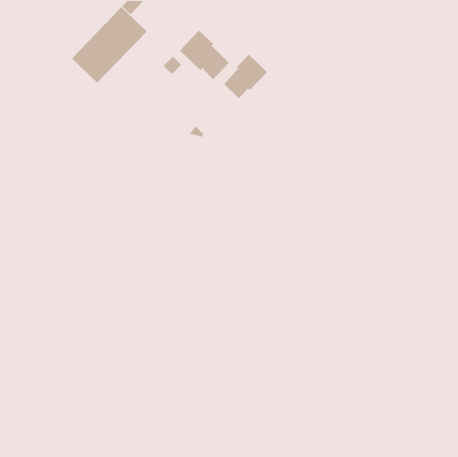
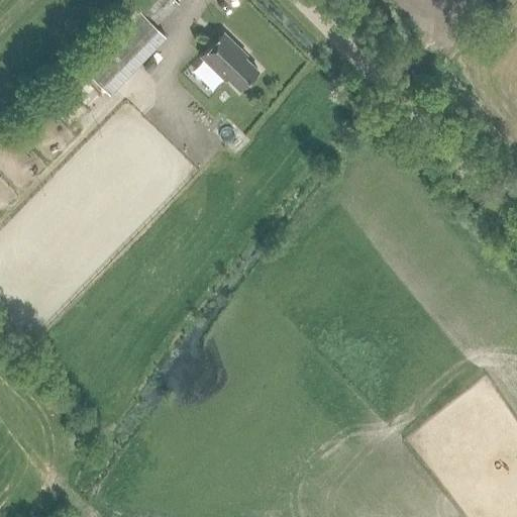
building: [223,54,268,99] -> none

